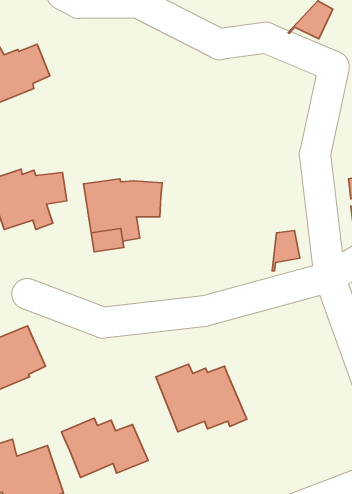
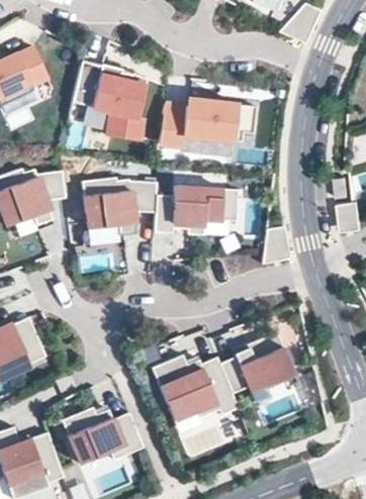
building: none -> [70,62,146,141]
building: none -> [158,99,255,147]
building: none -> [153,185,237,234]
building: none -> [217,331,294,393]

